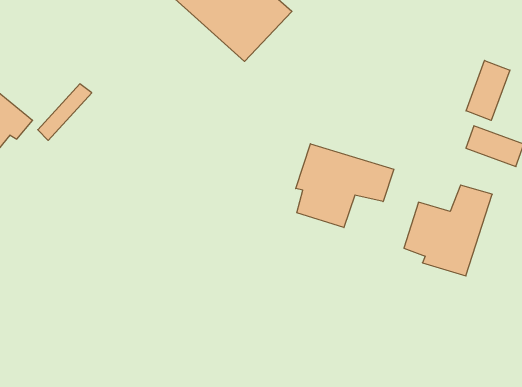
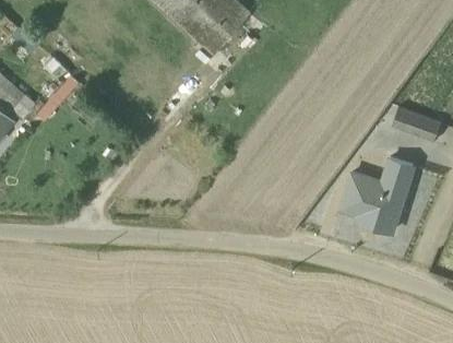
building: [466,60,510,120] -> none
building: [296,144,394,228] -> none

